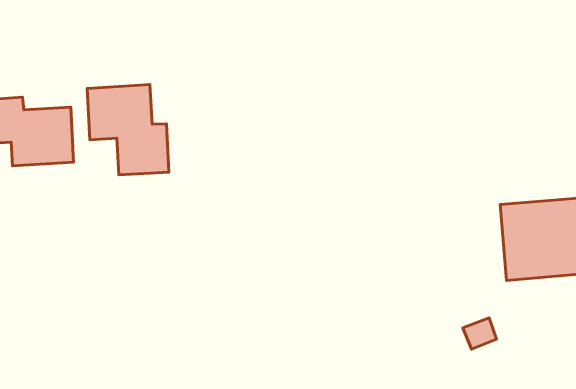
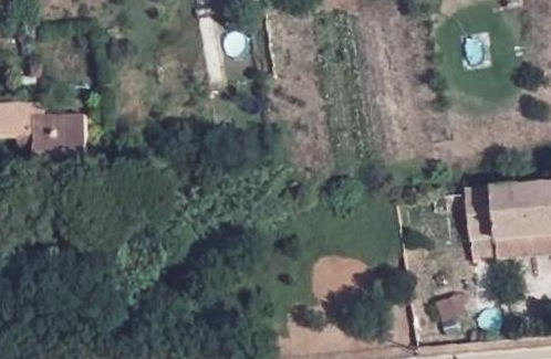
building: [87,85,169,175] -> none

